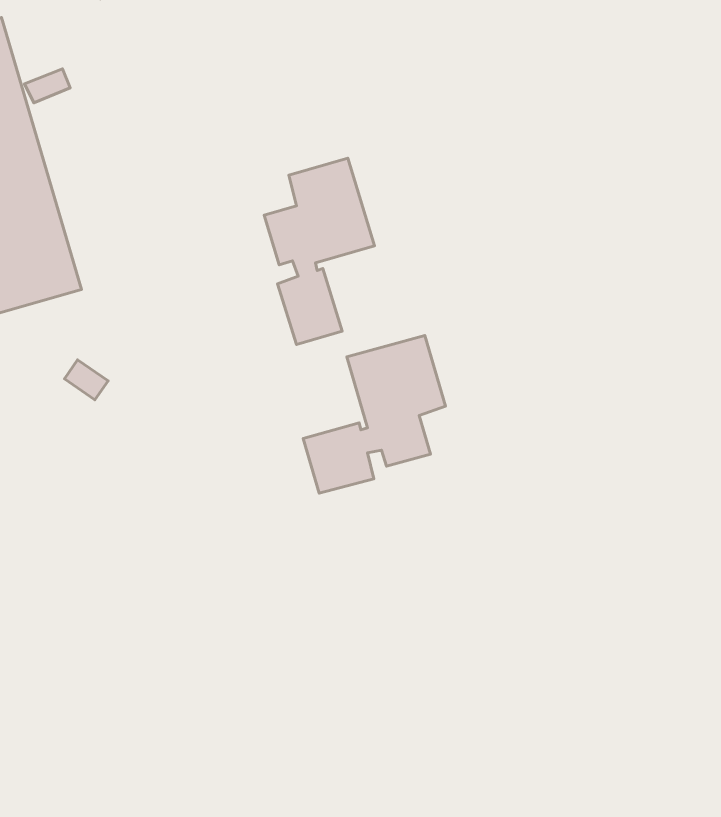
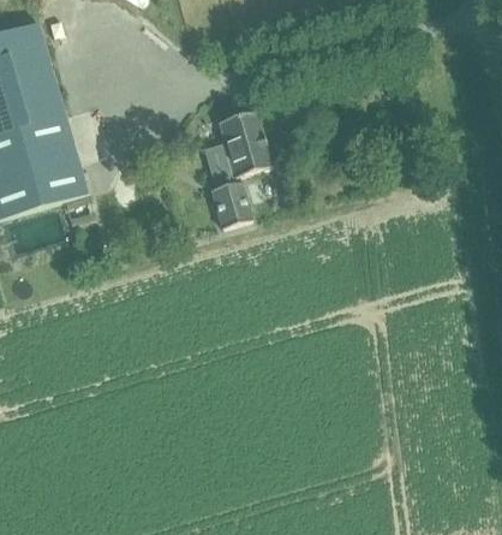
building: [303,335,445,493] -> none

